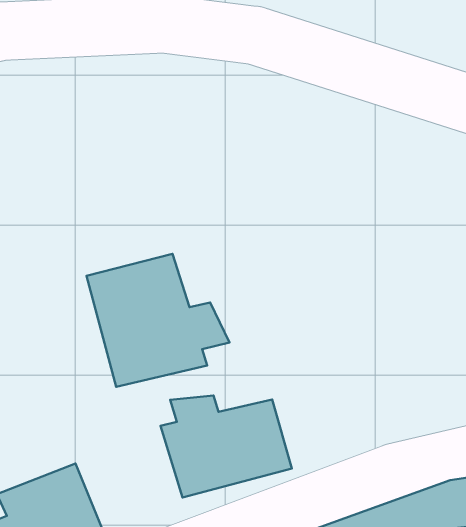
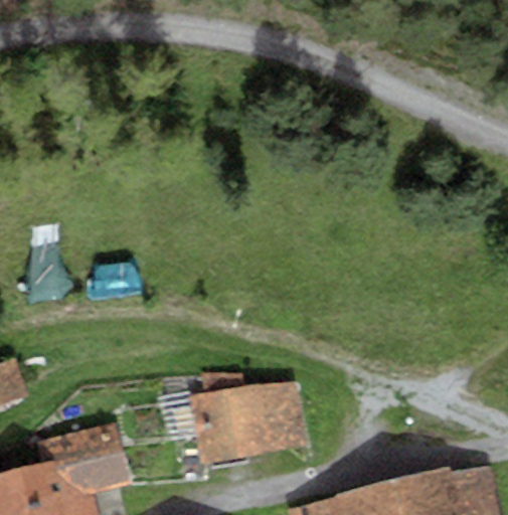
building: [87,254,230,387] -> none

